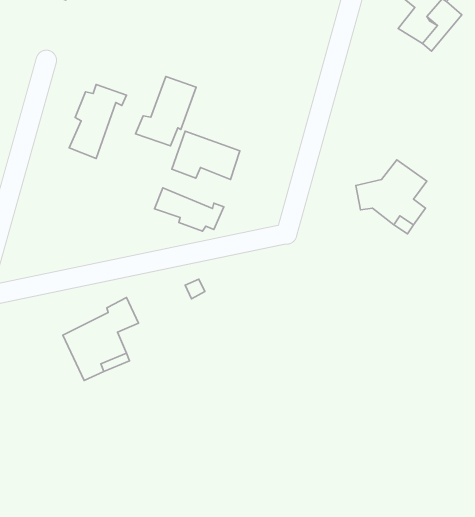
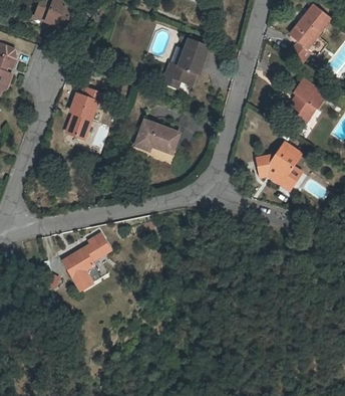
building: none -> [283,74,324,121]
building: [136,76,196,146] -> [168,40,209,86]
building: [155,188,224,231] -> none

